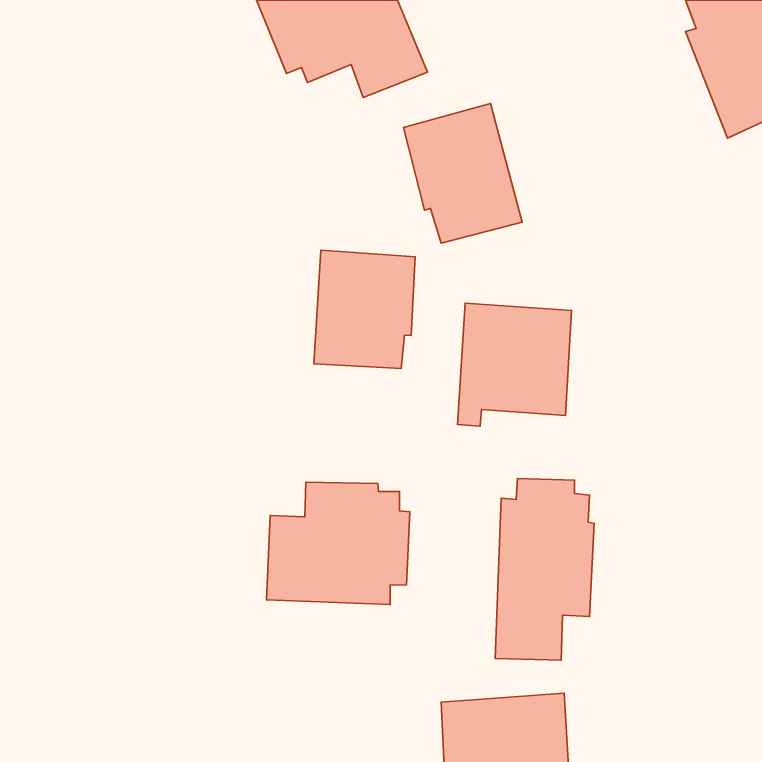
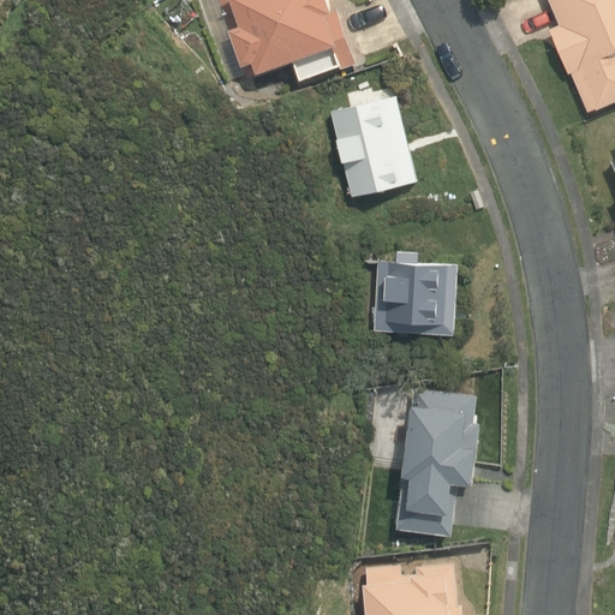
building: [314,250,415,369] -> none
building: [266,482,410,605] -> none

